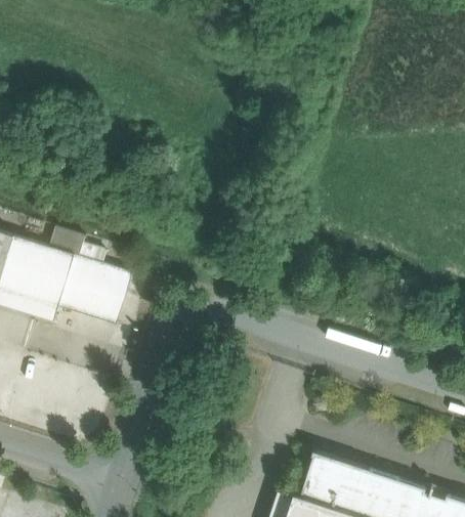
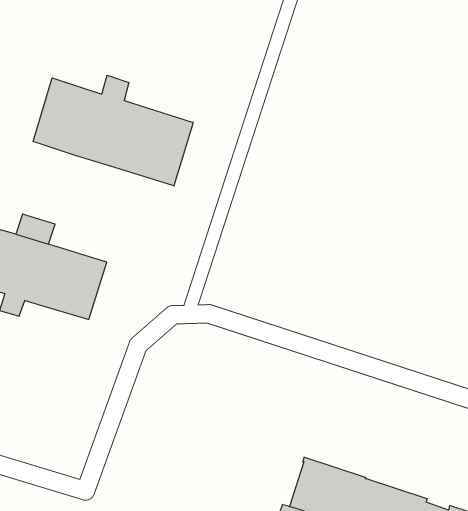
building: none -> [33,75,193,186]

